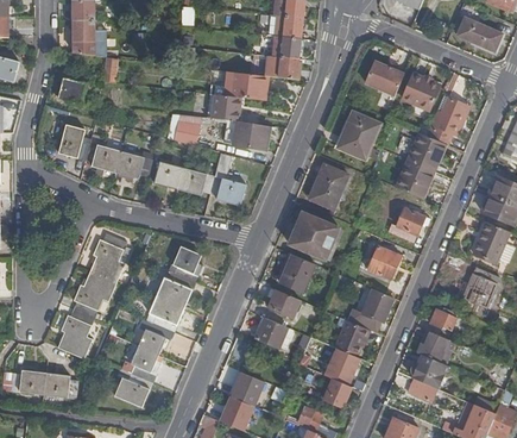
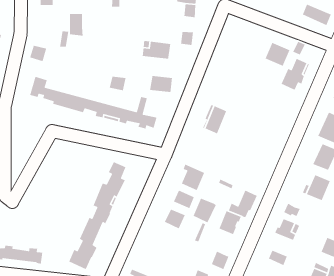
building: [72,20,94,55] -> [69,13,84,37]
building: [272,36,301,58] -> none
building: [365,61,403,94] -> none
building: [212,94,239,121] -> none
building: [340,111,379,159] -> none
building: [395,131,443,198] -> none
building: [392,207,423,242] -> none
building: [288,212,336,259] -> none
building: [56,232,125,359] -> none
building: [367,245,401,280] -> none
building: [324,348,360,386] -> [193,197,217,223]
building: [414,355,447,388] -> none
building: [231,371,263,408] -> none

